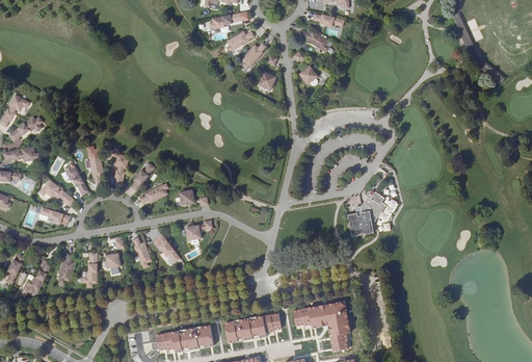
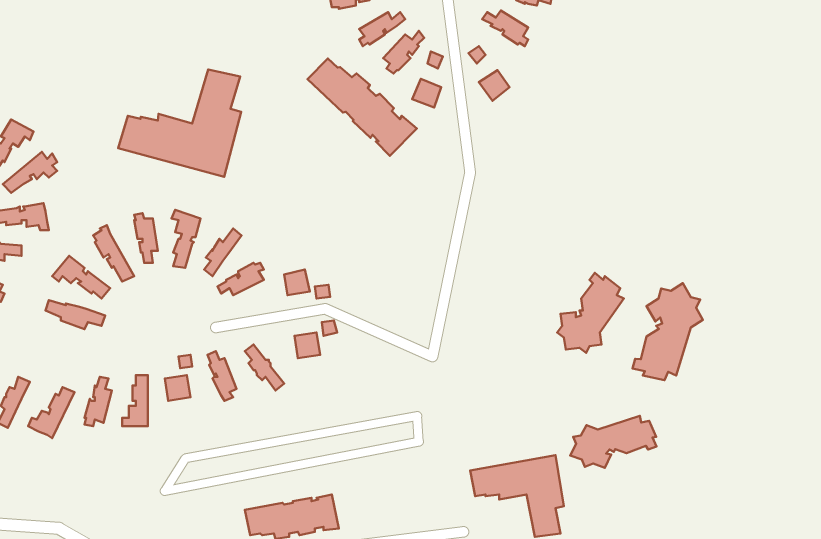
building: none -> [308,59,417,156]
building: none -> [118,69,241,177]
building: none -> [633,283,703,380]
building: none -> [570,416,657,468]
building: [224,313,281,342] -> none

